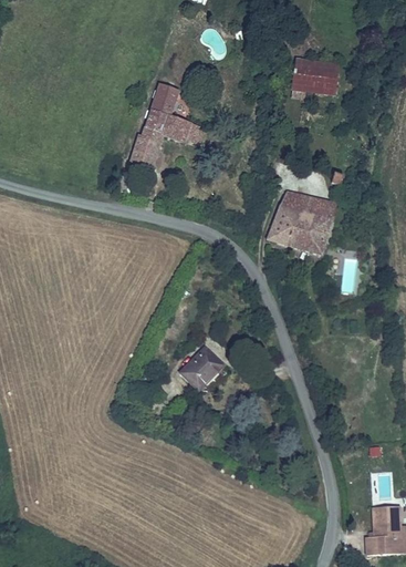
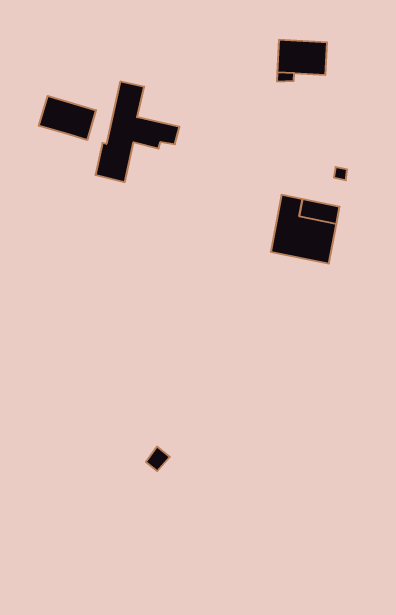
building: none -> [39,96,96,140]
building: [181,350,220,390] -> none

